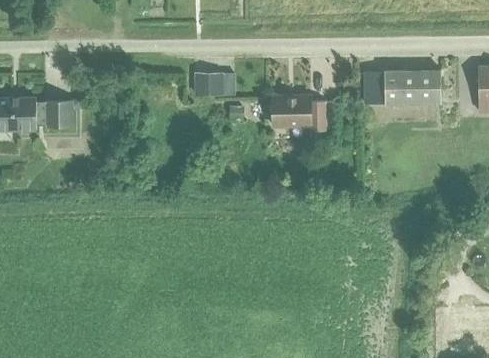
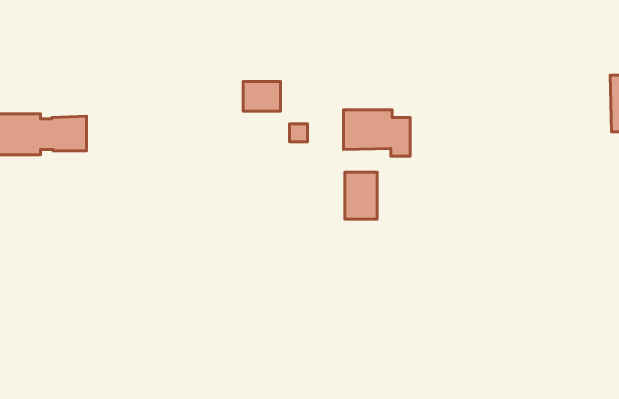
building: [365,70,440,102] -> none
building: none -> [345,172,377,219]

